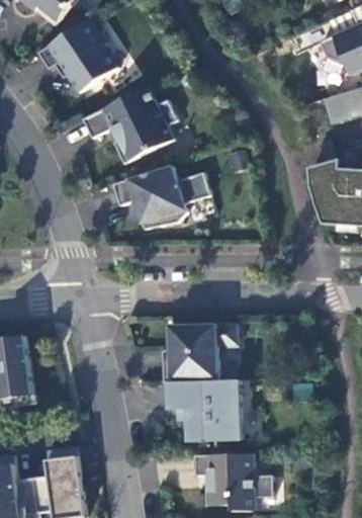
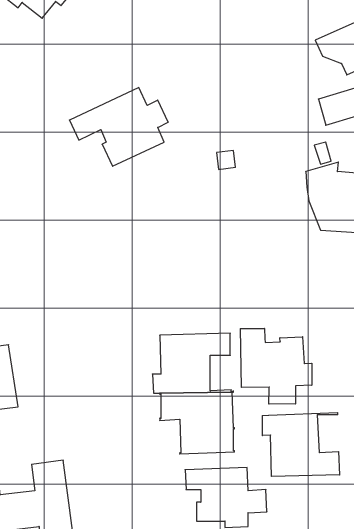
building: [38,18,118,92] -> none
building: [113,165,211,229] -> none
building: none -> [240,328,312,404]
building: none -> [262,413,340,476]

